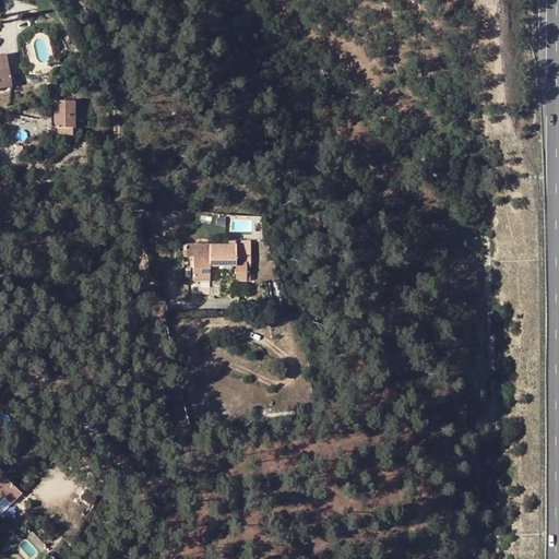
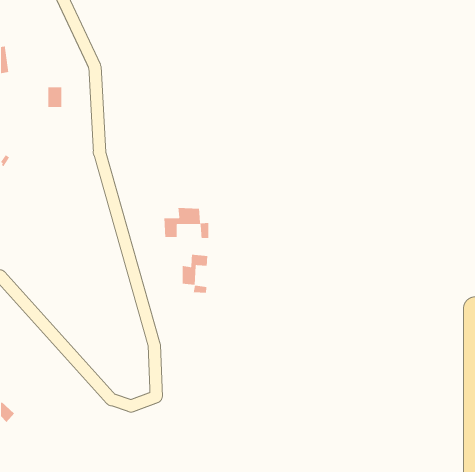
building: none -> [182,254,208,293]

